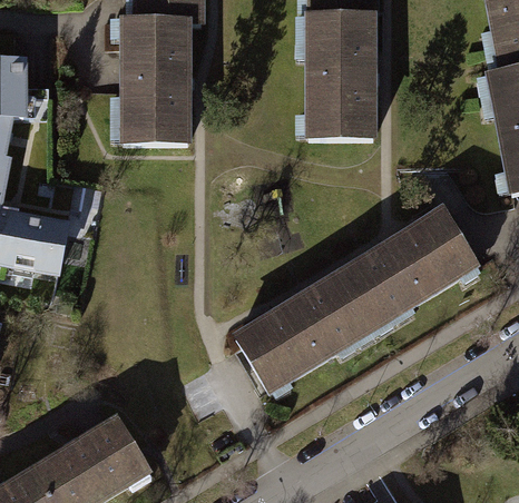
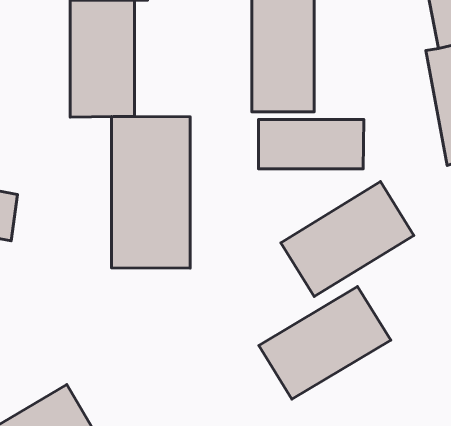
building: none -> [112,117,190,268]
building: none -> [258,119,364,169]
building: [236,274,373,391] -> [259,286,391,399]

